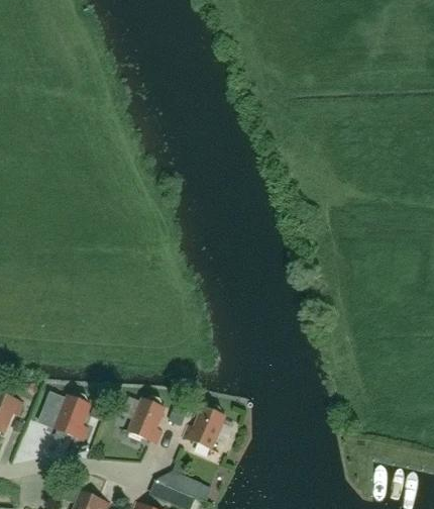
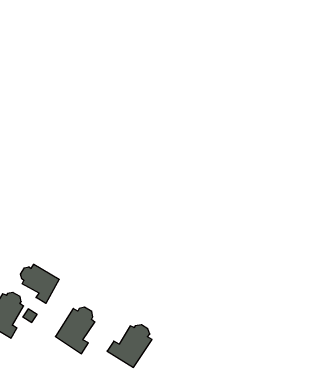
building: none -> [20,264,59,303]

